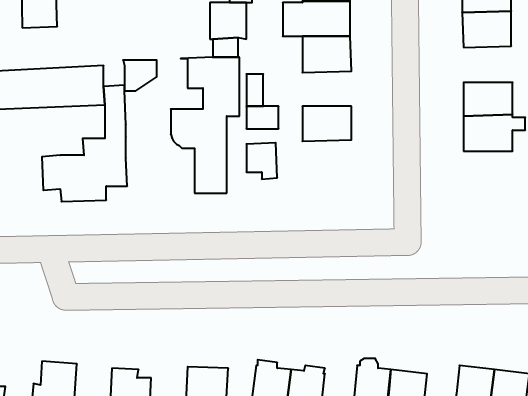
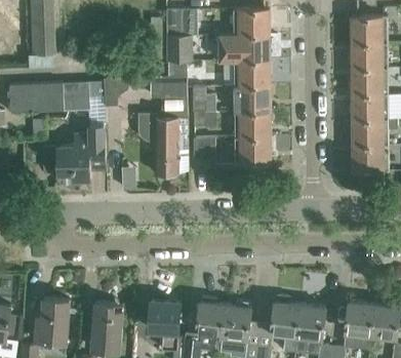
building: none -> [352,67,388,93]
building: none -> [234,85,270,111]
building: none -> [234,135,270,163]
building: none -> [352,144,389,171]

